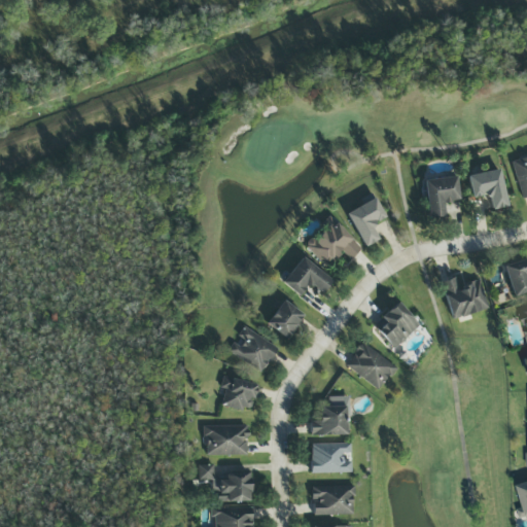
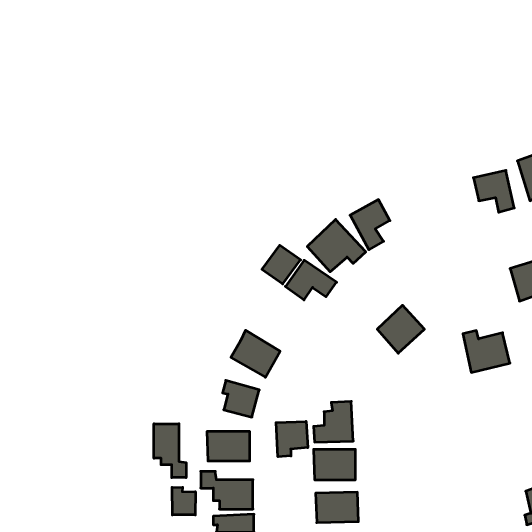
building: [425,175,460,217] -> none
building: [443,277,489,318] -> [463,331,510,372]
building: [267,300,305,338] -> [262,245,301,284]
building: [346,343,396,389] -> none
building: none -> [276,421,308,457]
building: none -> [154,424,186,478]
building: none -> [172,487,195,515]

